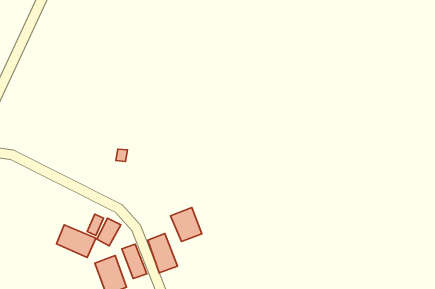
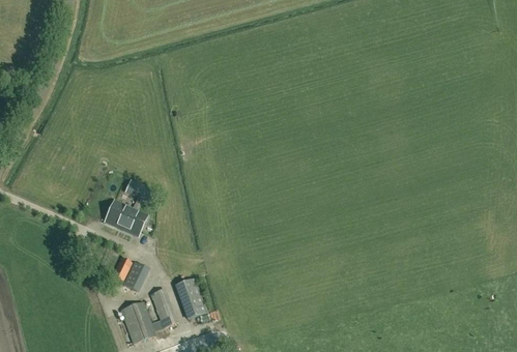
building: [171,207,202,241] -> none
building: [56,225,96,257] -> [103,199,145,234]

